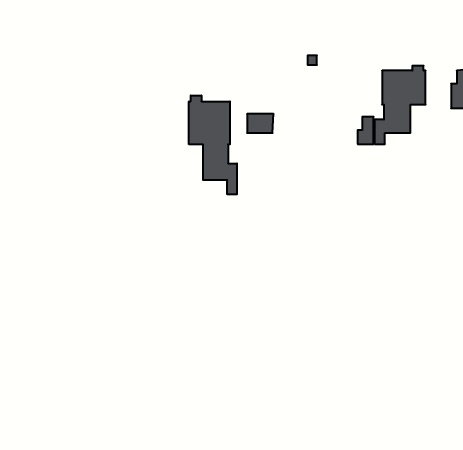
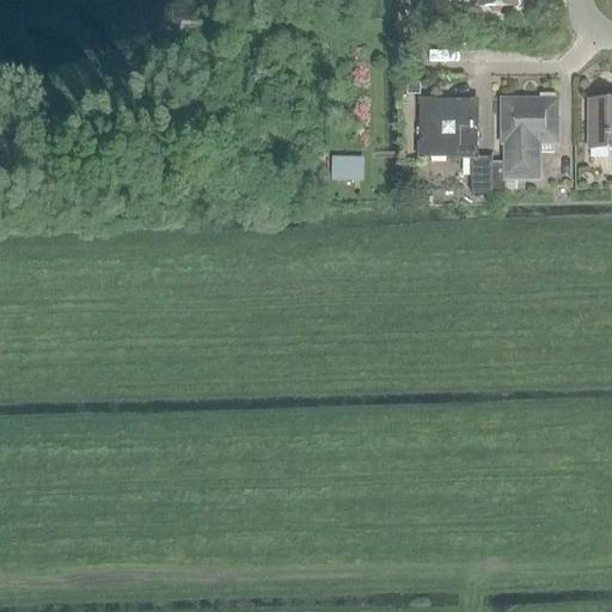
building: none -> [420,97,478,155]
building: [189,95,237,194] -> none

